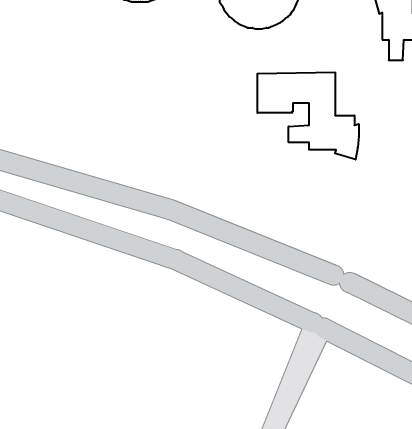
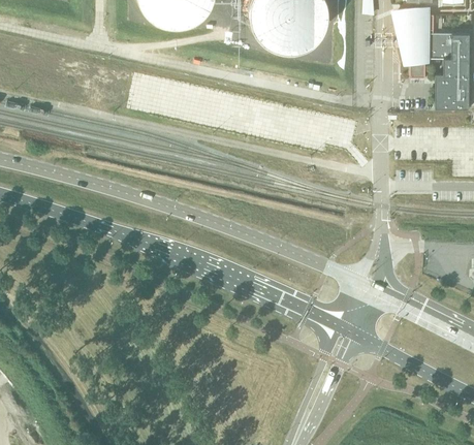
building: [257,72,359,160] -> none

